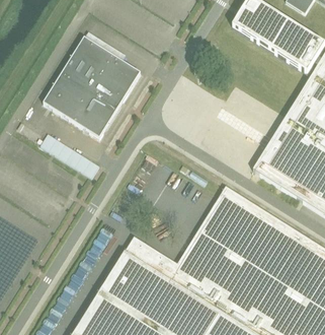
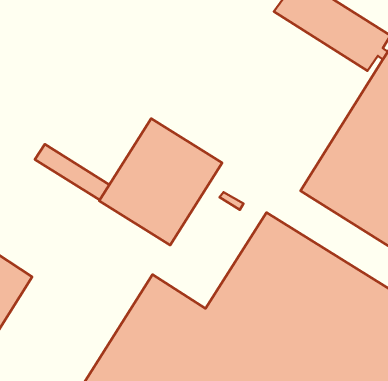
building: [43,38,141,139] -> [99,119,222,245]

